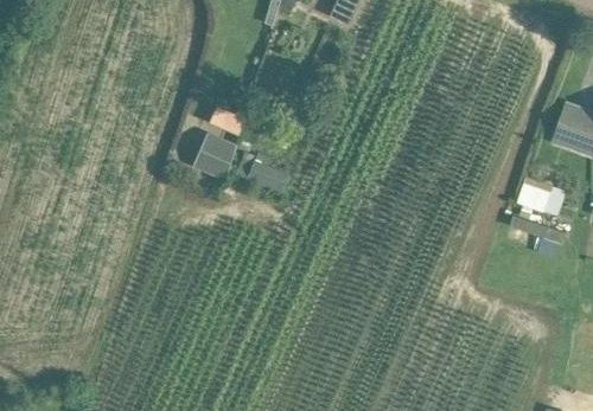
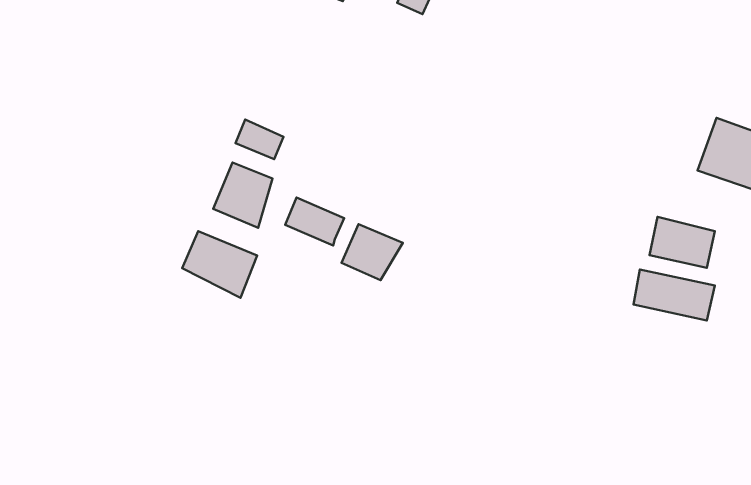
building: none -> [342,224,403,280]
building: none -> [182,231,257,298]

